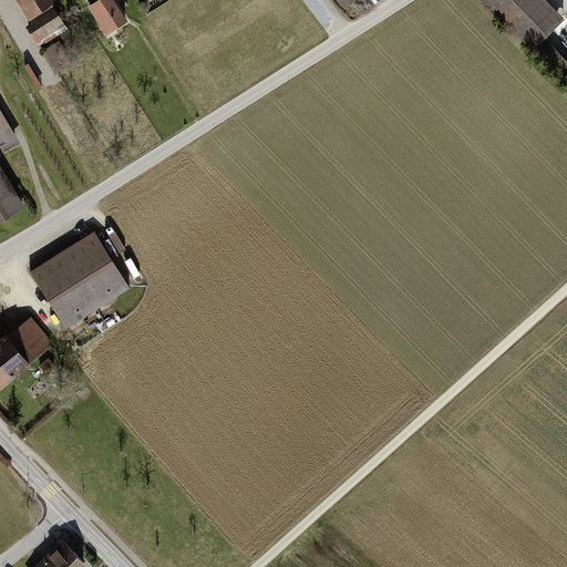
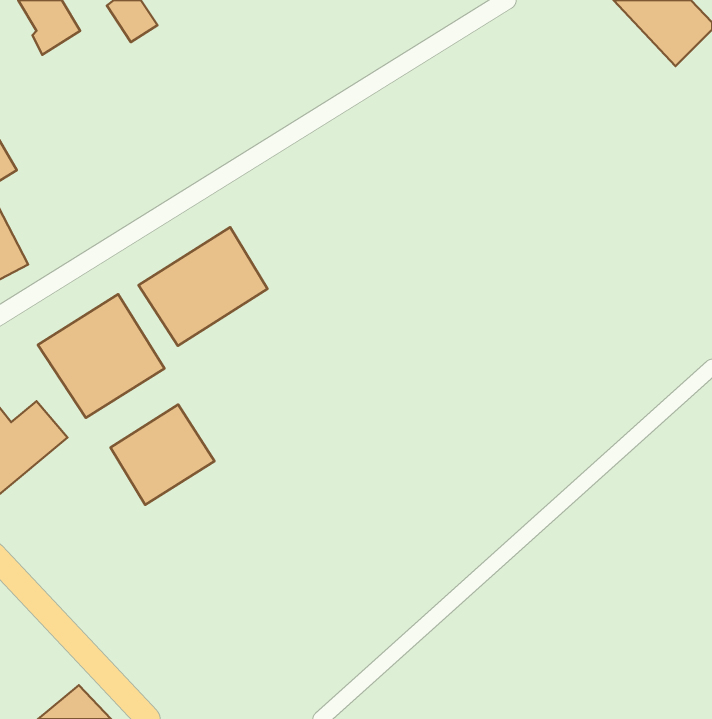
building: none -> [139,227,267,346]
building: none -> [111,404,215,505]

